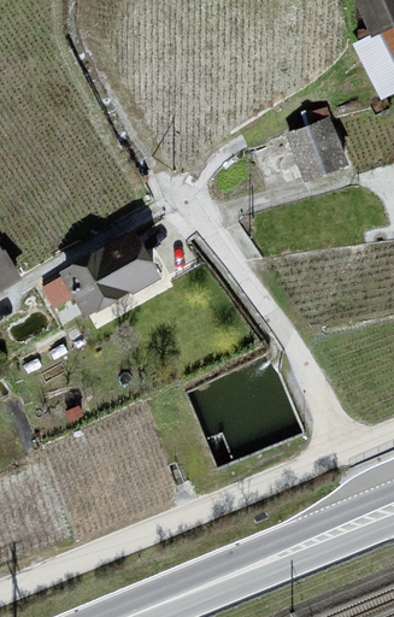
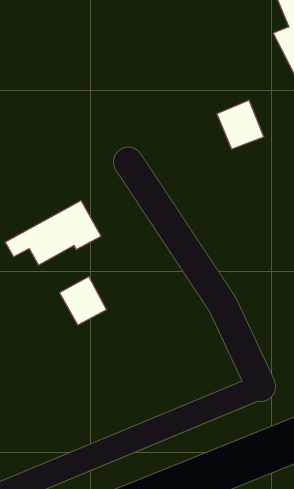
building: none -> [60,277,106,325]

